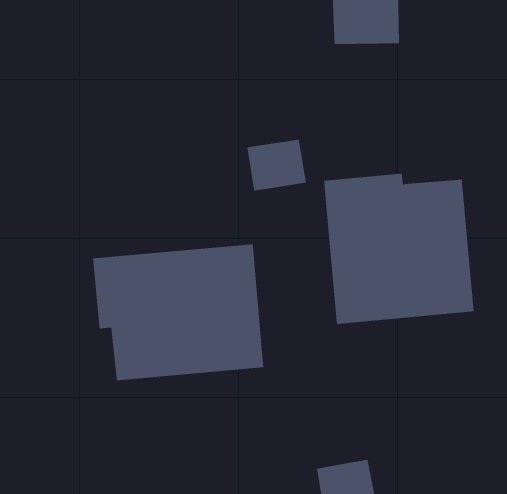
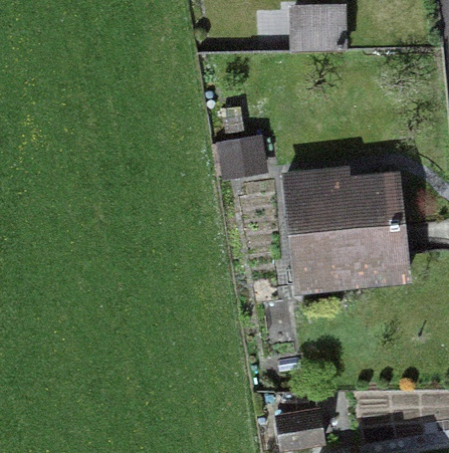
building: [93,243,264,381] -> none

